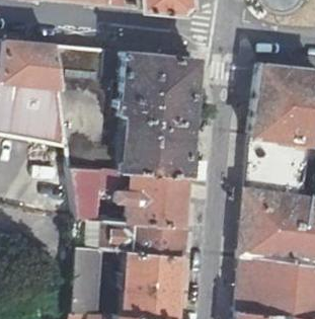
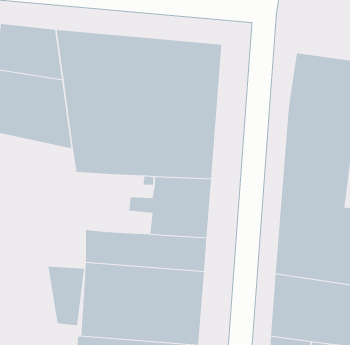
building: [69,169,101,221] -> [47,266,85,326]

